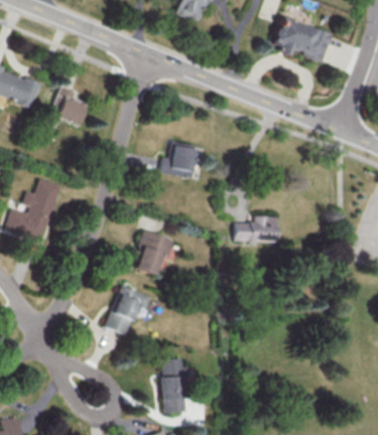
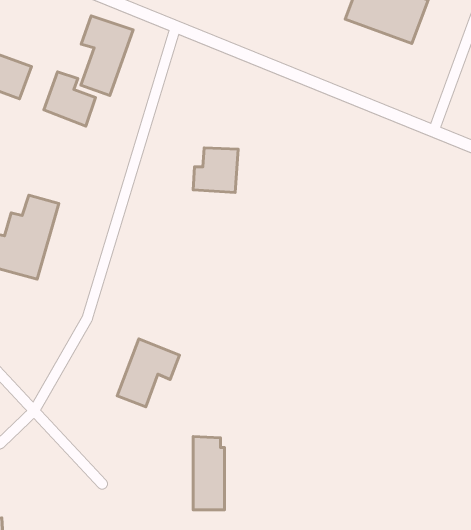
building: none -> [81,16,133,96]
building: [235,215,278,242] -> none
building: [136,230,175,275] -> none

